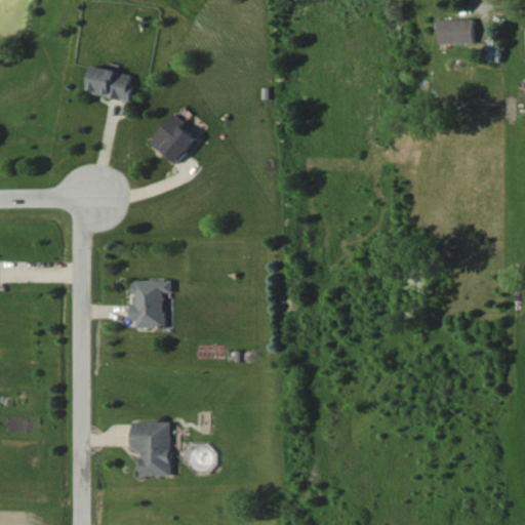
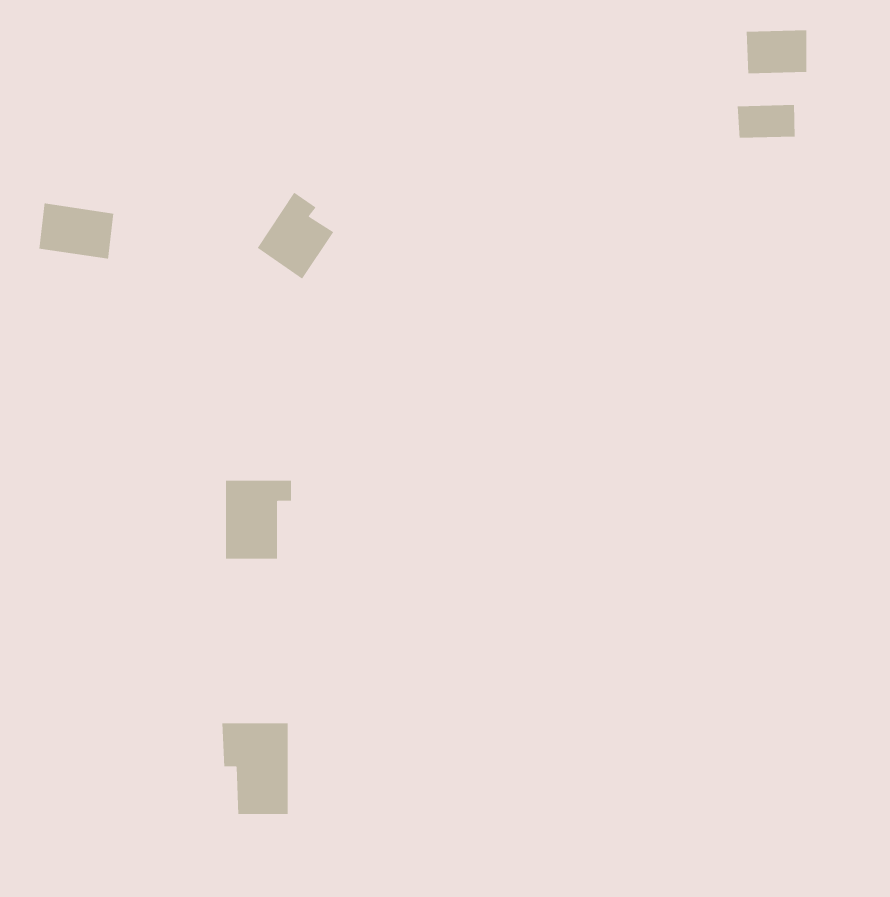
building: none -> [737,104,795,139]
building: [87,68,131,100] -> [39,203,114,259]

